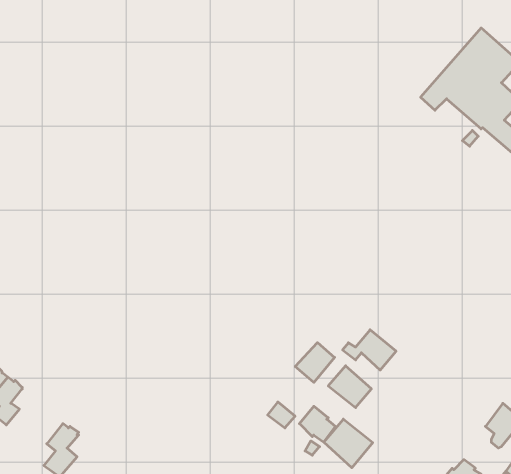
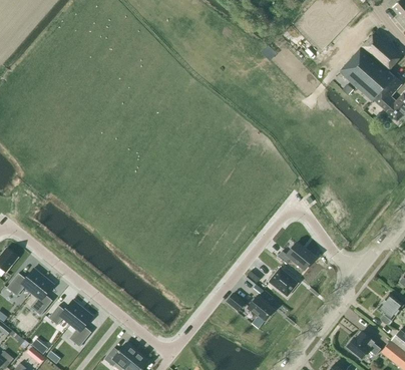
building: [295,343,335,382] -> none
building: none -> [52,298,83,322]
building: [324,419,373,468] -> none

